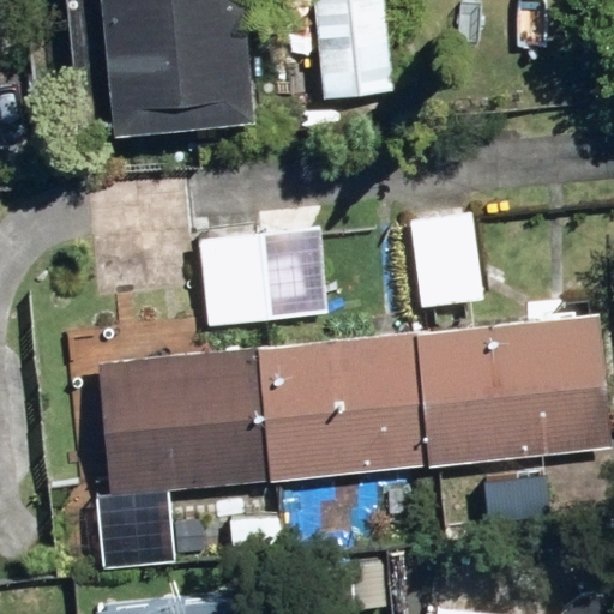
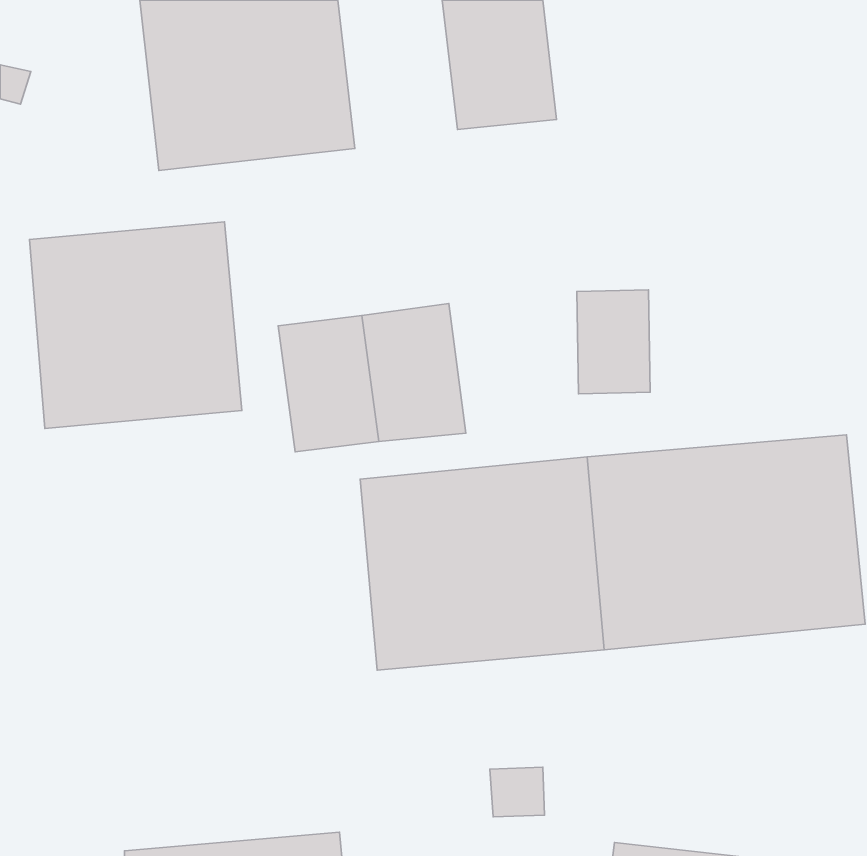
building: none -> [29,222,242,429]
building: [98,348,269,498] -> none

